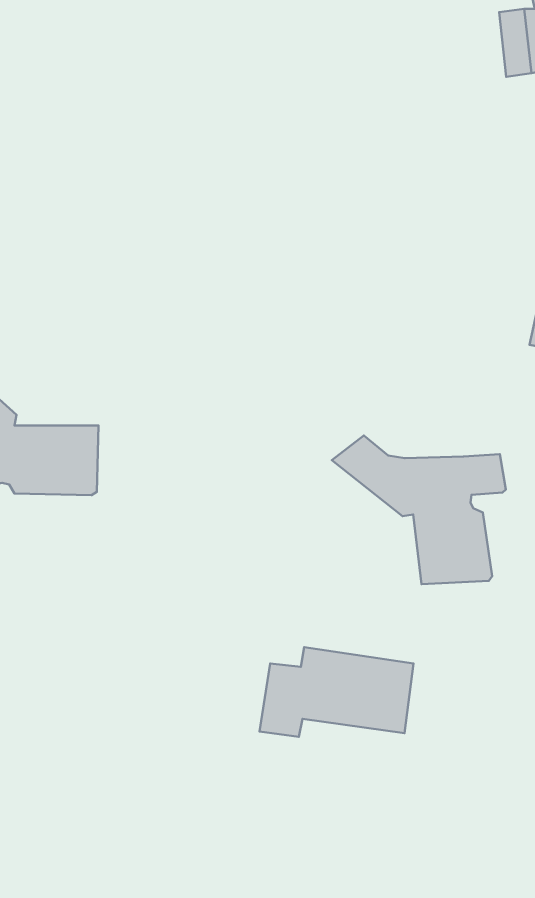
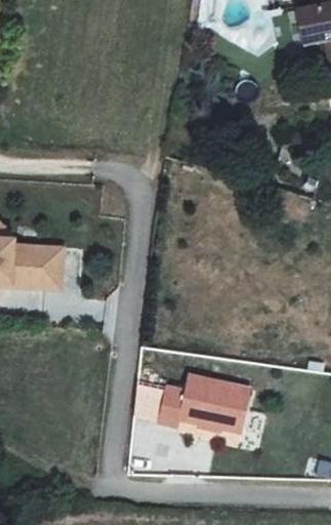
building: [332,435,506,584] -> none

